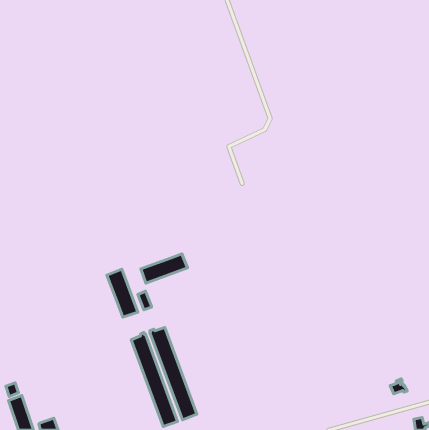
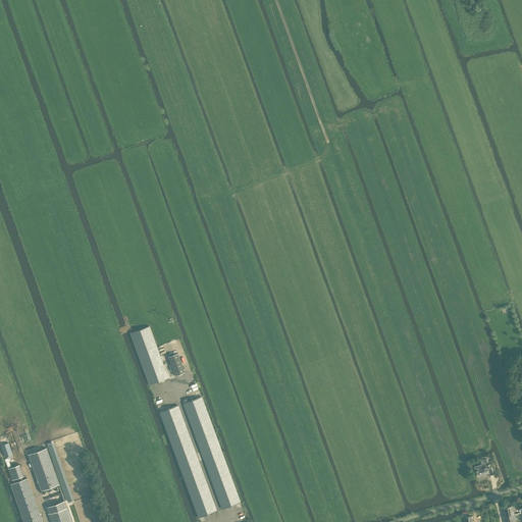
building: [141,254,188,283] -> none
building: none -> [28,449,58,490]

